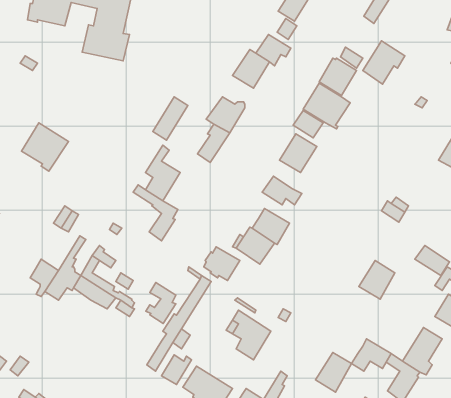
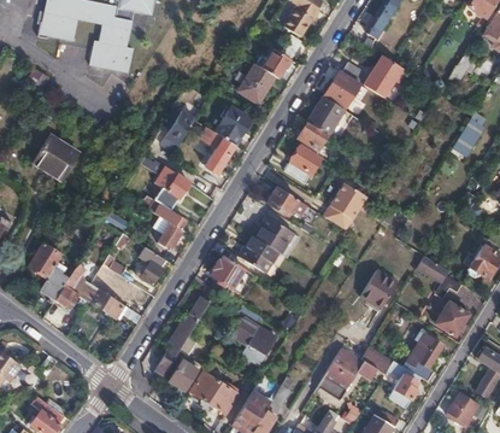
building: none -> [322,183,365,229]
building: none -> [29,242,61,276]
building: [146,283,176,324] -> [135,247,164,287]

